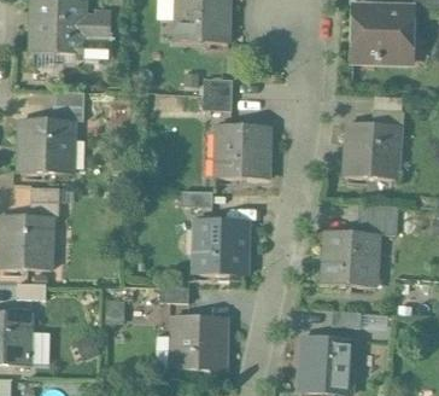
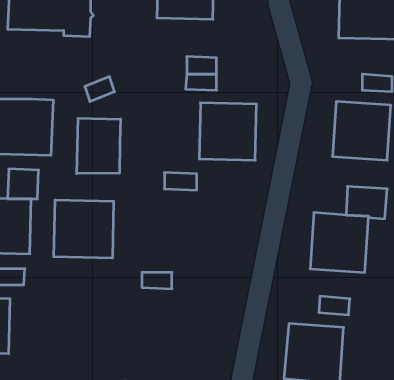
building: [52,91,83,120] -> none
building: none -> [77,118,121,174]
building: none -> [54,200,114,258]
building: [193,220,248,273] -> none
building: [171,315,227,369] -> none

